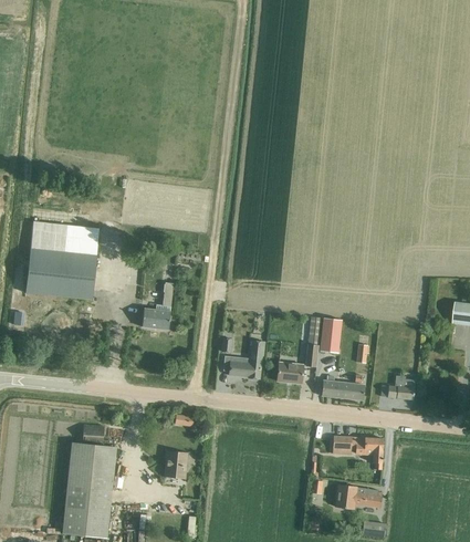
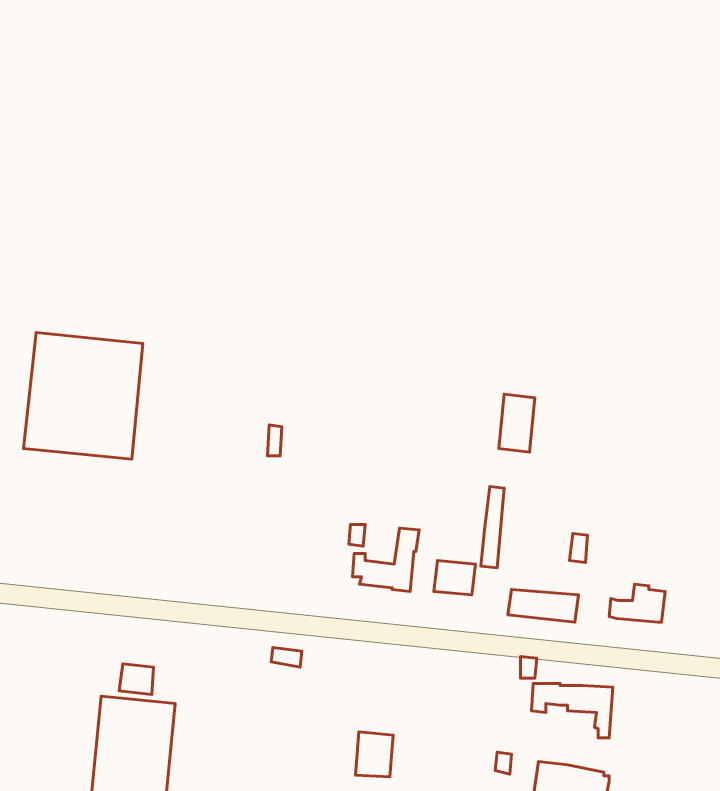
building: [139,283,171,330] -> none
building: [316,317,338,353] -> [499,394,535,452]
building: [165,451,188,479] -> [355,732,393,777]

